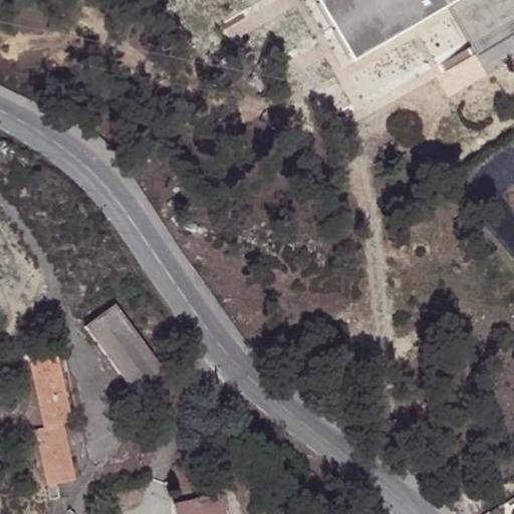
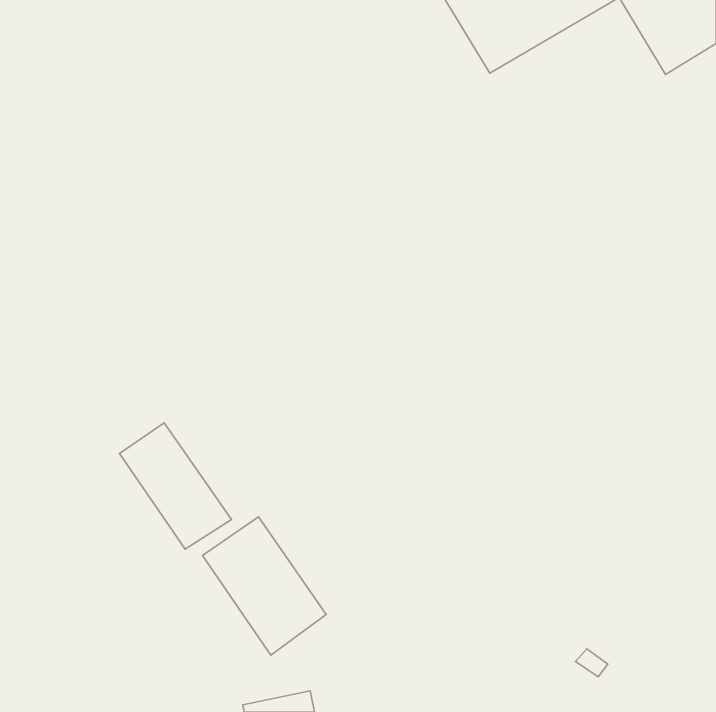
building: [29,348,72,497] -> none
building: none -> [203,517,326,655]

